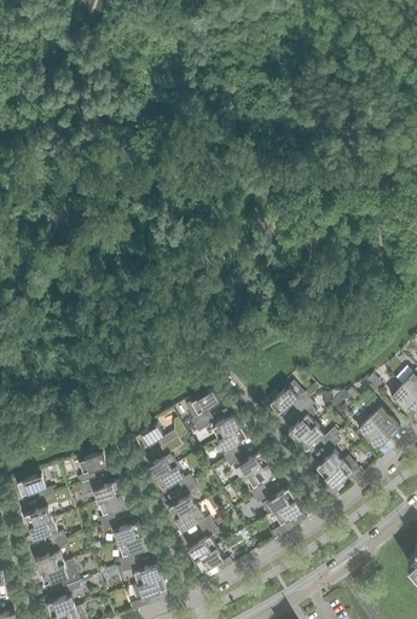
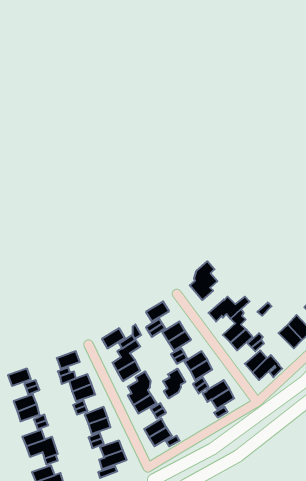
building: none -> [190,261,217,300]
building: none -> [163,369,185,398]

